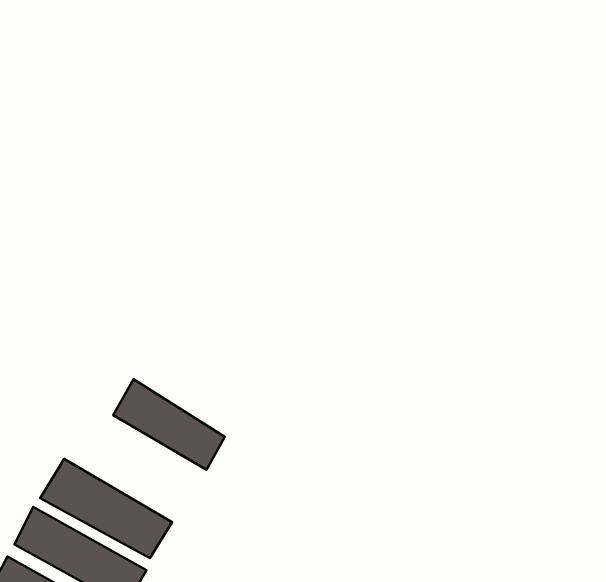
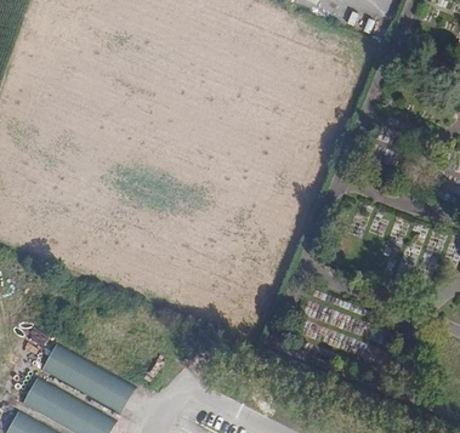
building: [113,379,225,470] -> none

